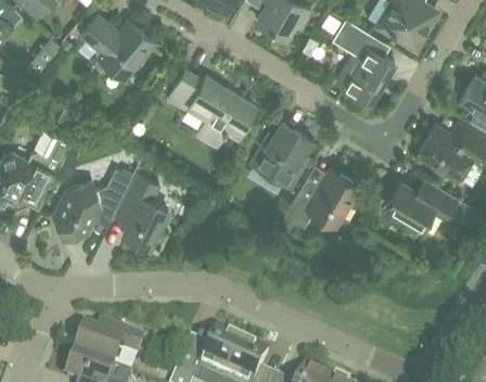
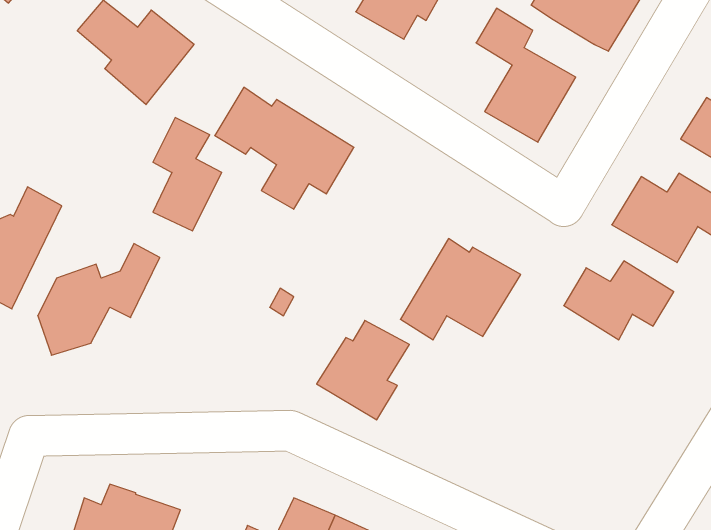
building: [251,123,309,186] -> [317,320,409,420]
building: [124,174,167,245] -> [153,118,222,231]

